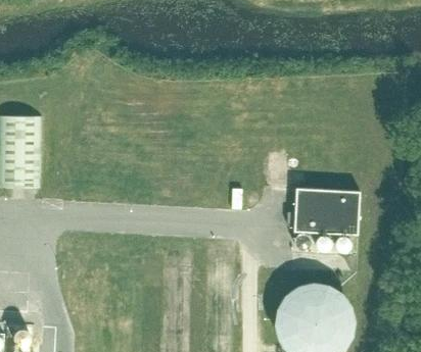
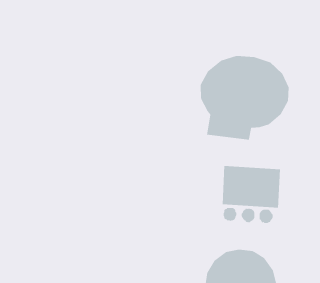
building: none -> [200,55,289,140]

